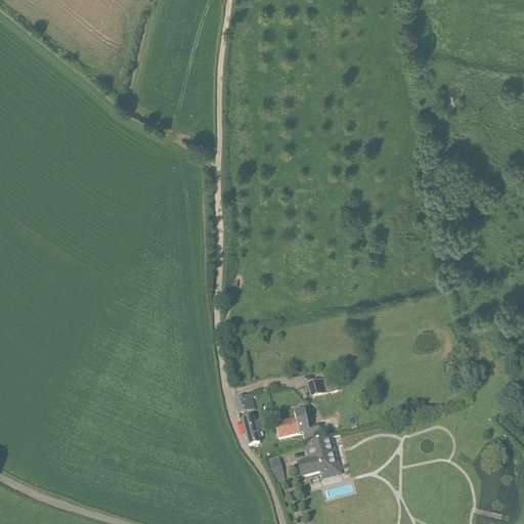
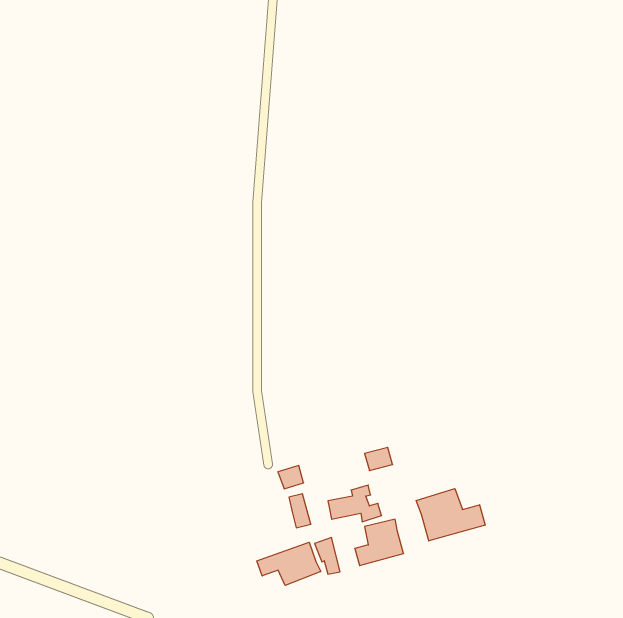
building: none -> [416,489,485,541]
building: none -> [257,542,321,585]

